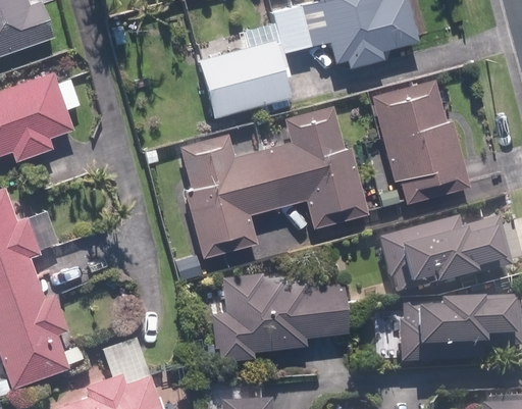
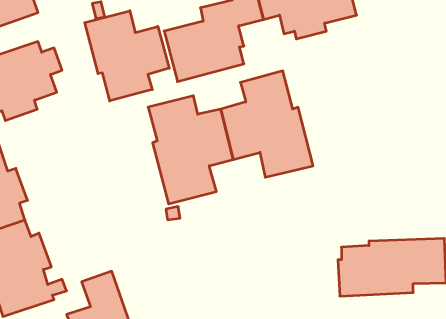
building: none -> [85,11,169,101]
building: [370,80,469,202] -> none
building: [381,222,512,294] -> none
building: [208,275,347,363] -> none

